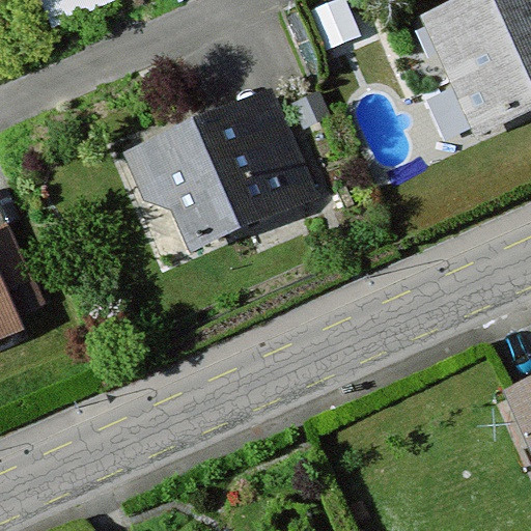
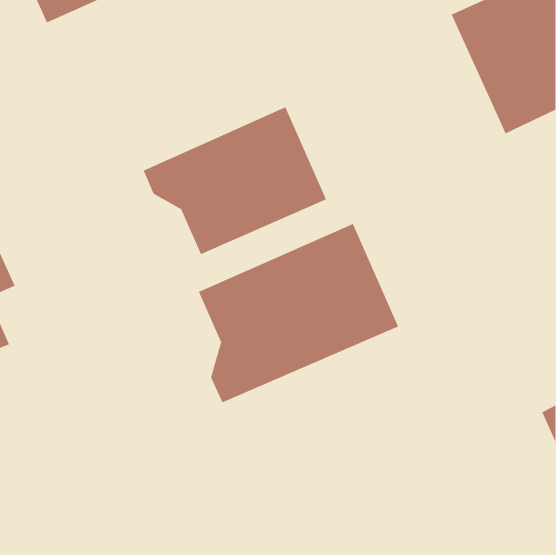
building: none -> [198,223,399,403]

